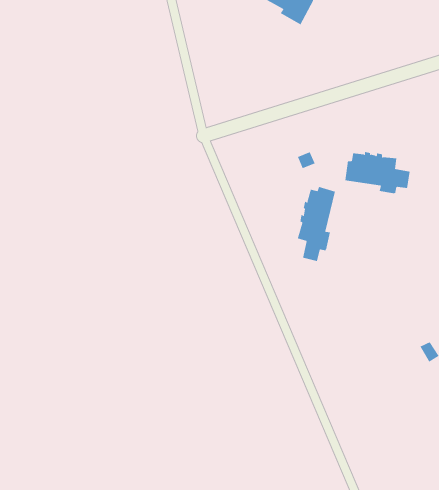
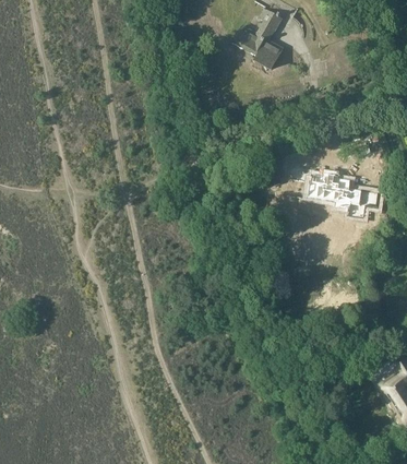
building: [297,186,335,262] -> none

